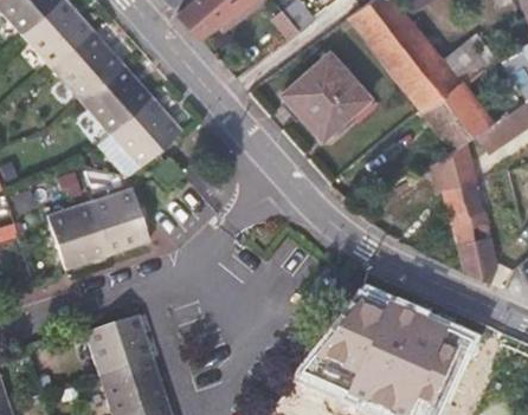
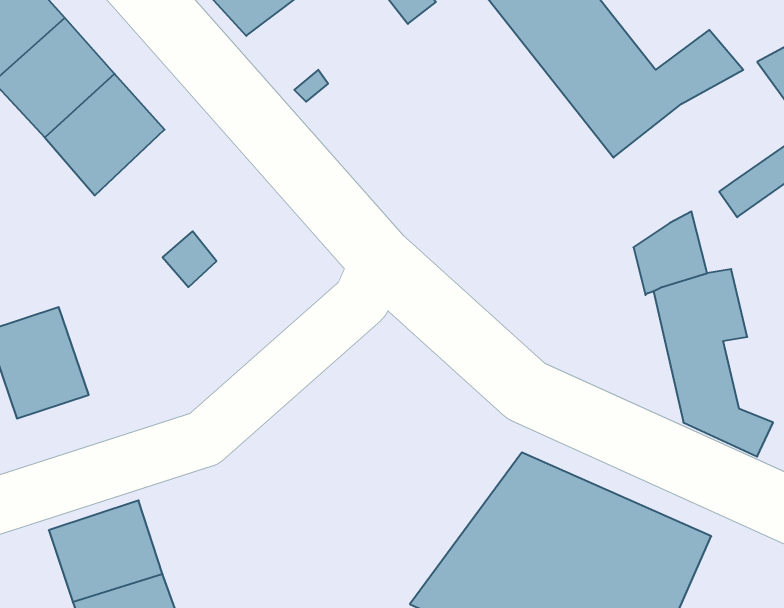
building: [283,54,368,140] -> none
building: [420,80,491,151] -> none
building: [112,96,183,167] -> none
building: [91,187,150,253] -> none

